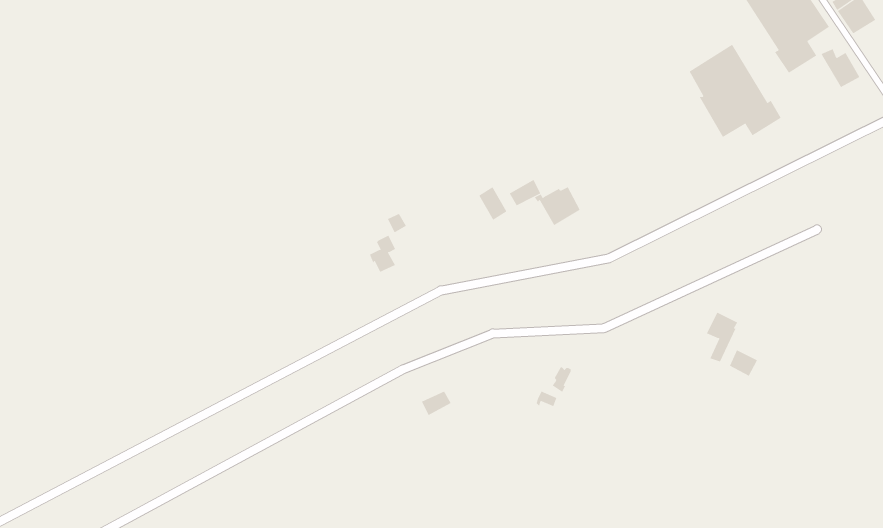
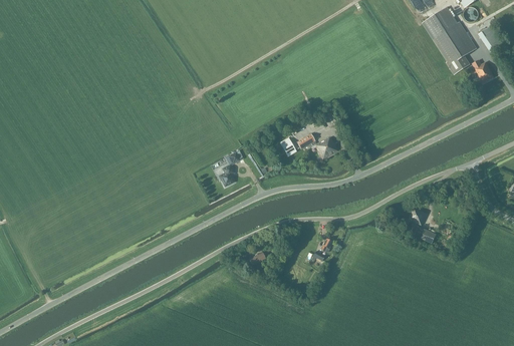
building: [689,44,781,138] -> none

